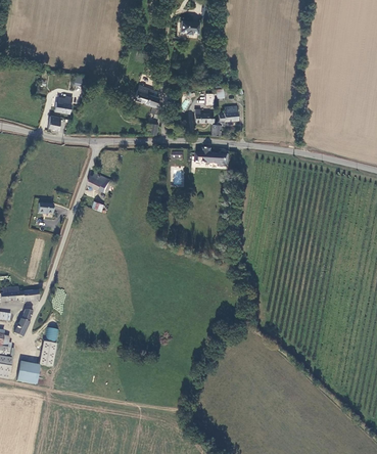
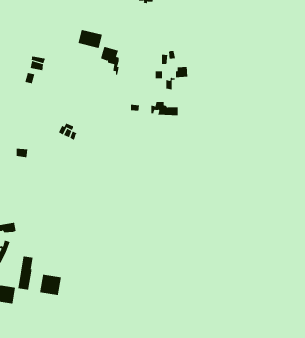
building: none -> [78,29,102,49]
building: none -> [40,274,61,296]

